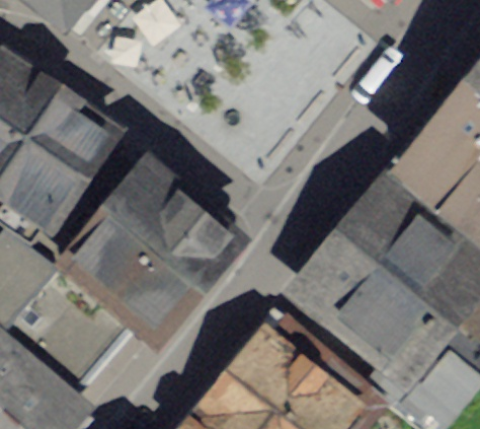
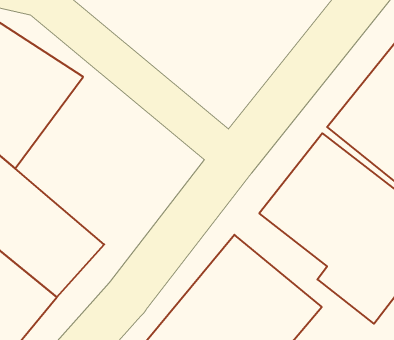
building: [60,162,224,331] -> none

